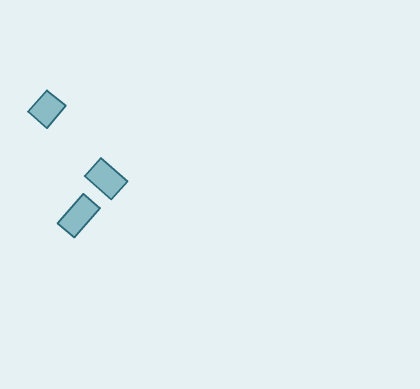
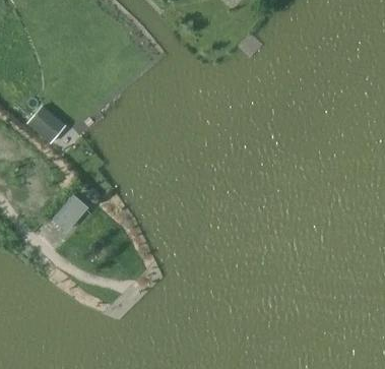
building: [85,158,127,199] -> none

